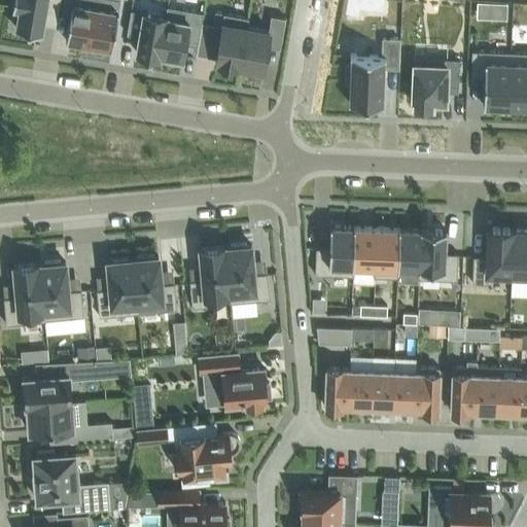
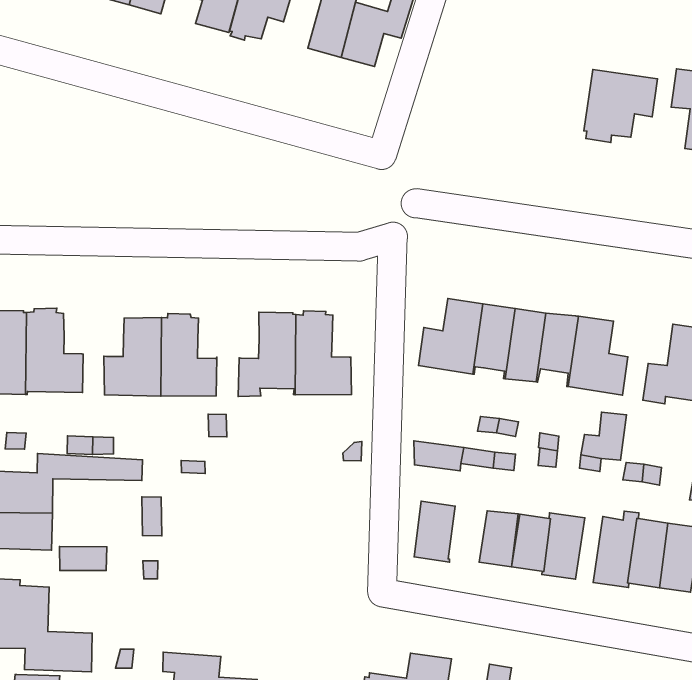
building: [346,42,399,107] -> none
building: [200,355,272,410] -> none
building: [349,373,373,410] -> none
building: [167,427,241,488] -> none

